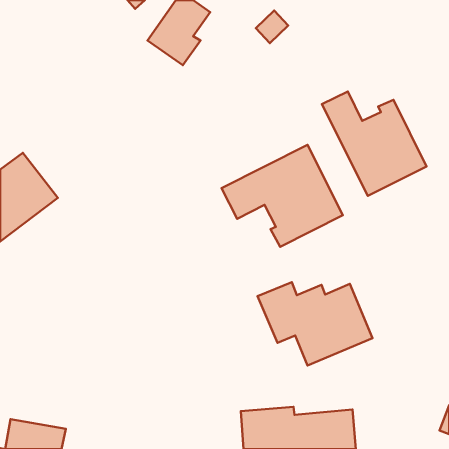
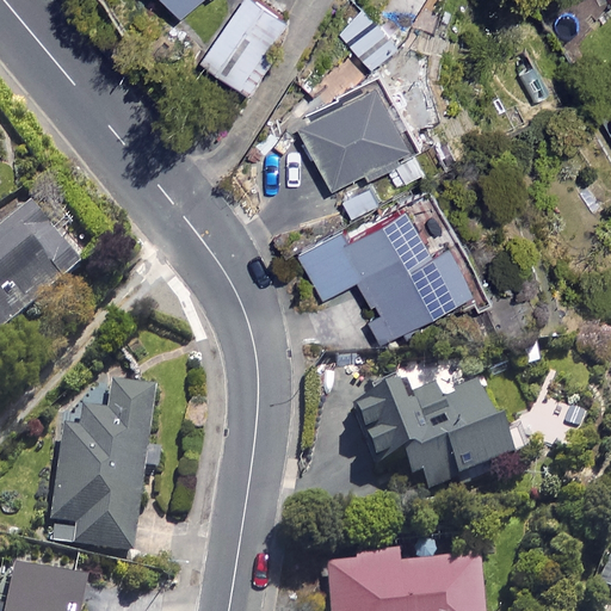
building: none -> [297,73,419,185]
building: [322,92,426,196] -> none
building: none -> [48,384,156,555]

